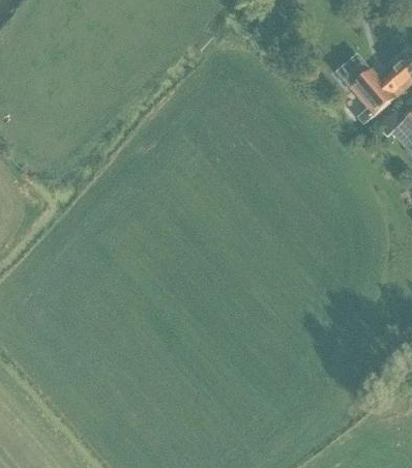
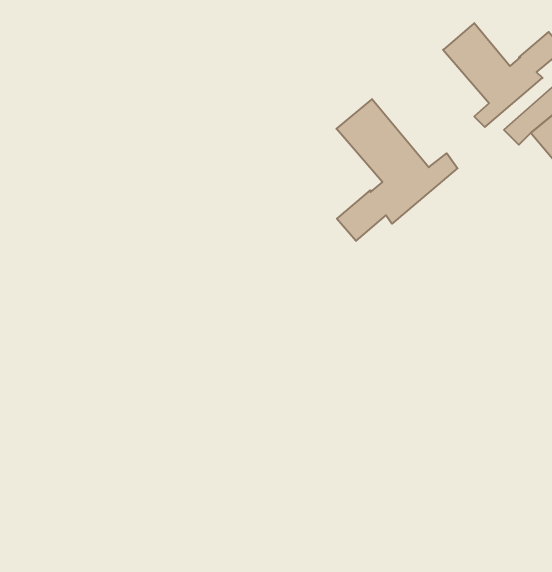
building: none -> [336,99,458,241]

